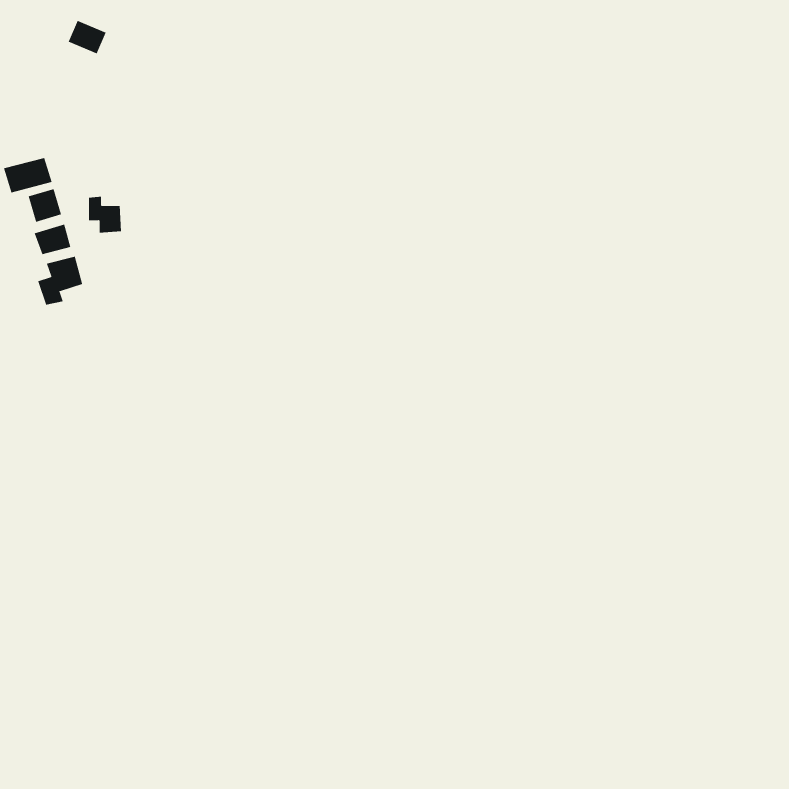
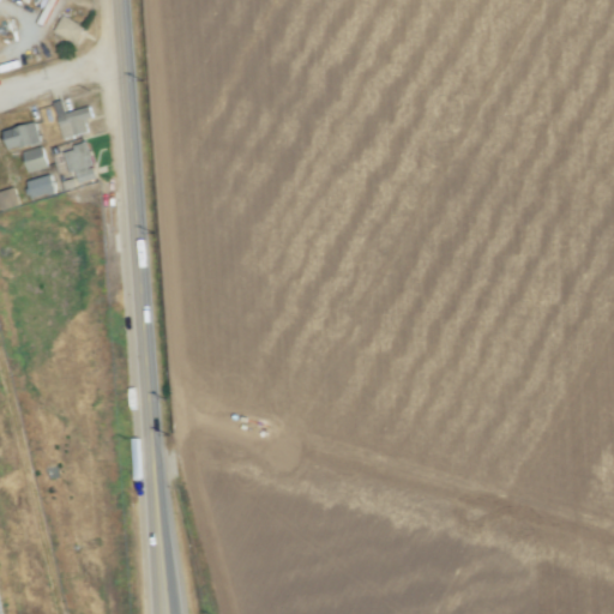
building: none -> [56,107,92,139]
building: [38,256,83,306] -> none

